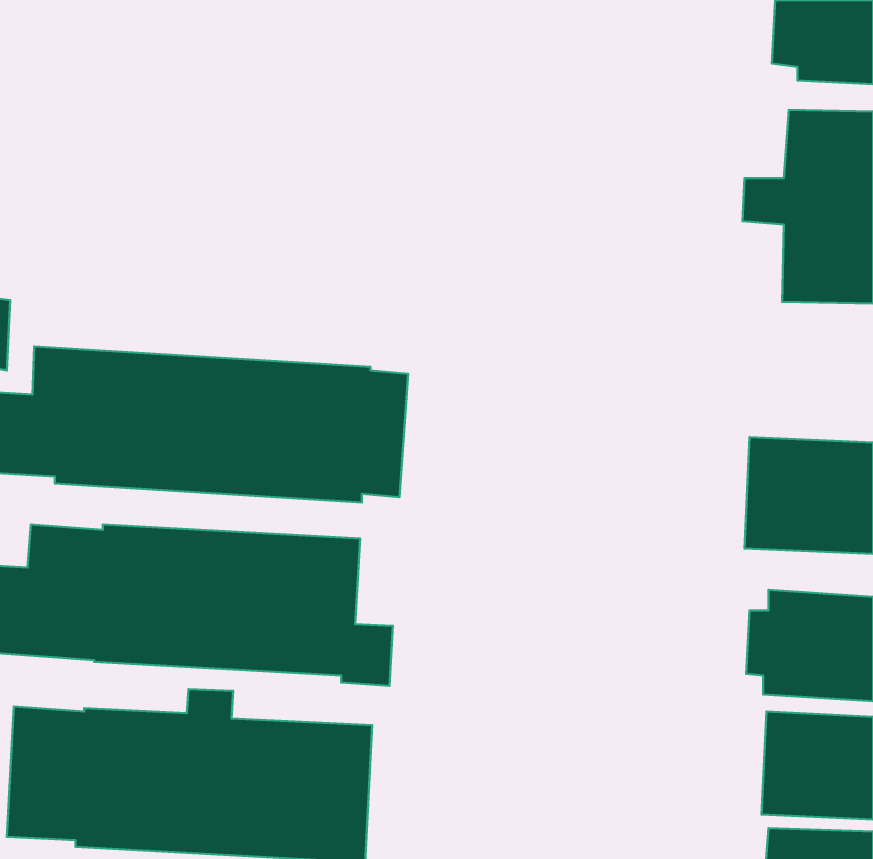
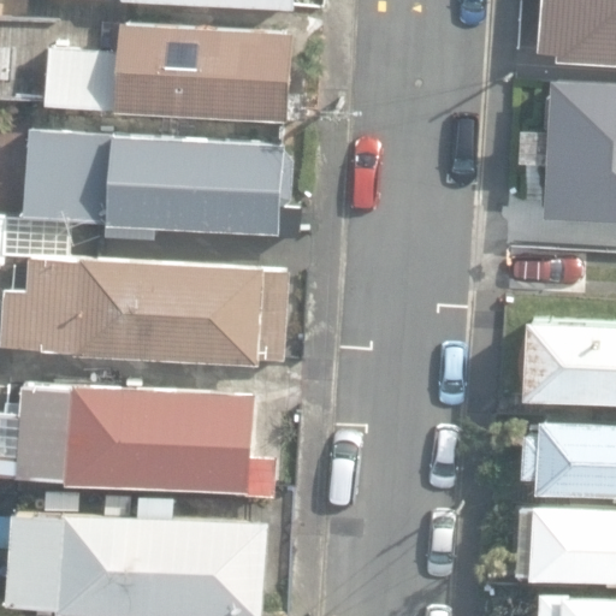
building: none -> [48,26,295,128]
building: none -> [24,135,302,243]

